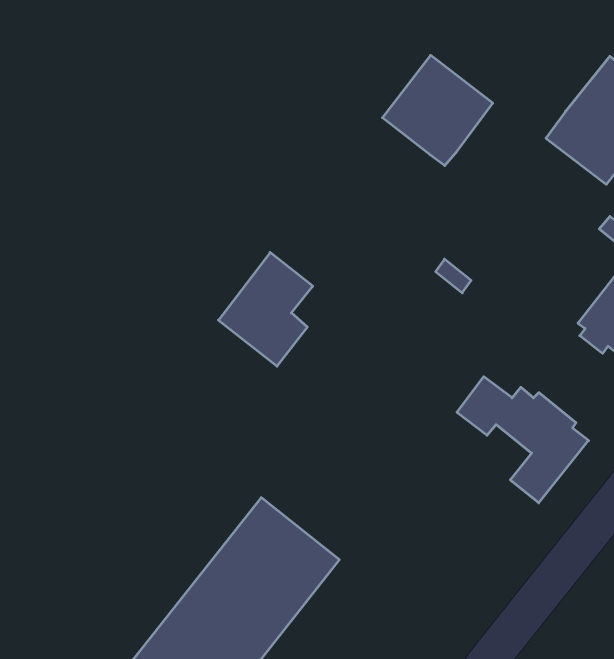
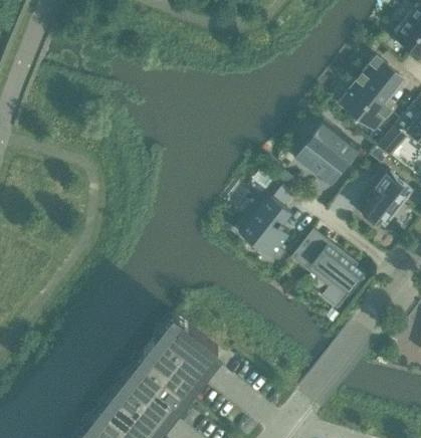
building: [382,55,493,166] -> [298,122,361,184]
building: [218,252,313,366] -> [240,194,293,258]

